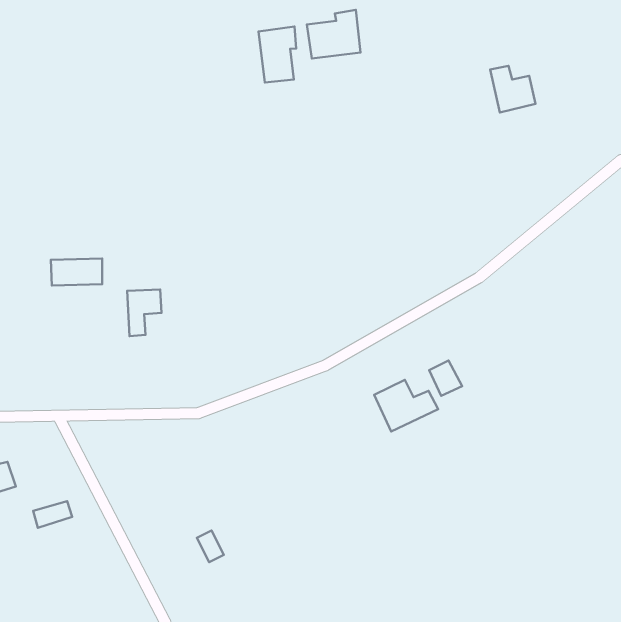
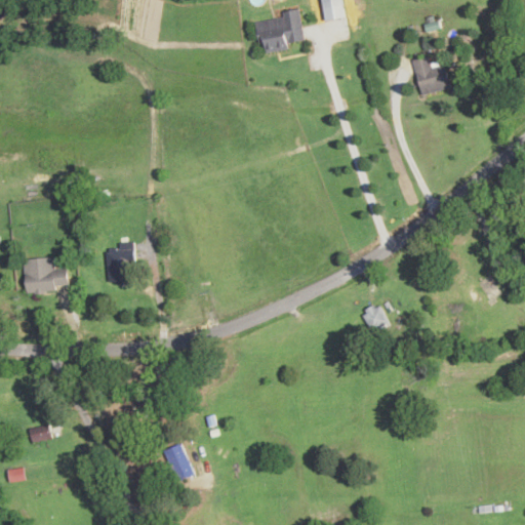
building: [259,27,296,82] -> none
building: [51,259,102,286] -> [24,268,67,290]
building: [374,380,438,432] -> none

